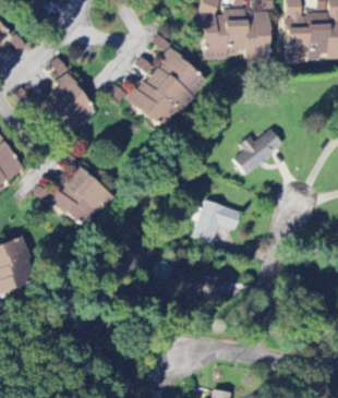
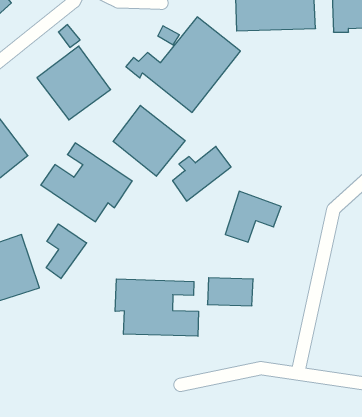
building: none -> [113,105,185,176]
building: [234,128,285,174] -> [173,146,231,201]
building: none -> [46,224,87,279]
building: none -> [115,279,198,336]

